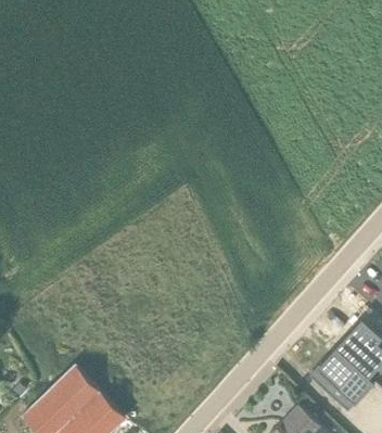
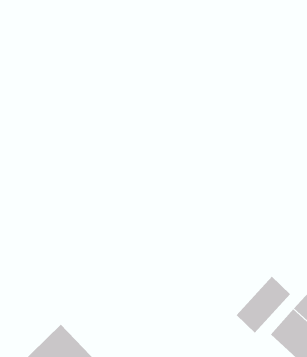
building: none -> [236,276,291,333]

